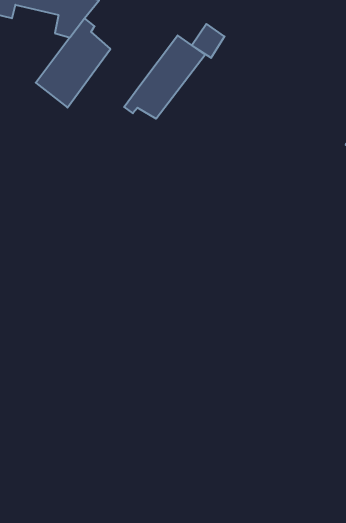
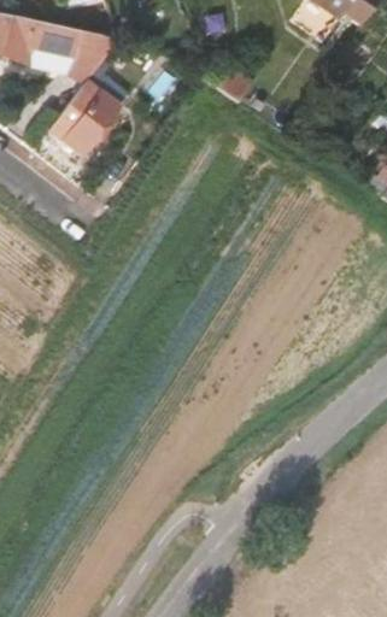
building: [124,35,205,119] -> none

